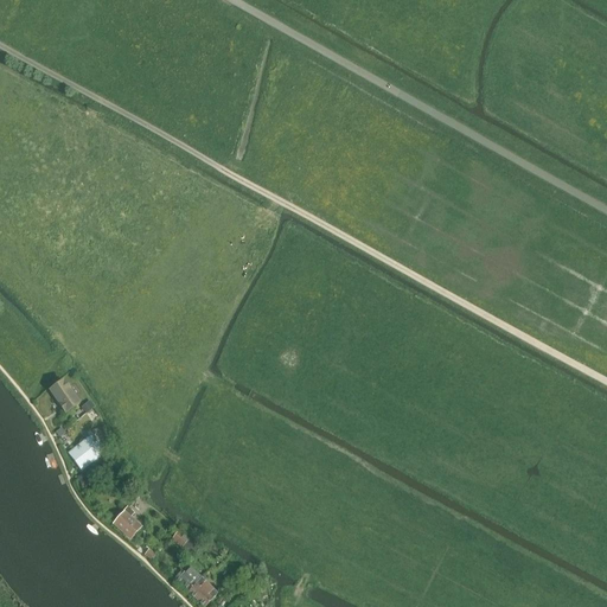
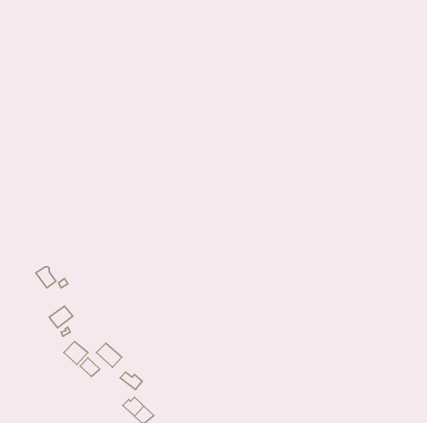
building: none -> [64,341,88,365]
building: none -> [96,343,122,367]

